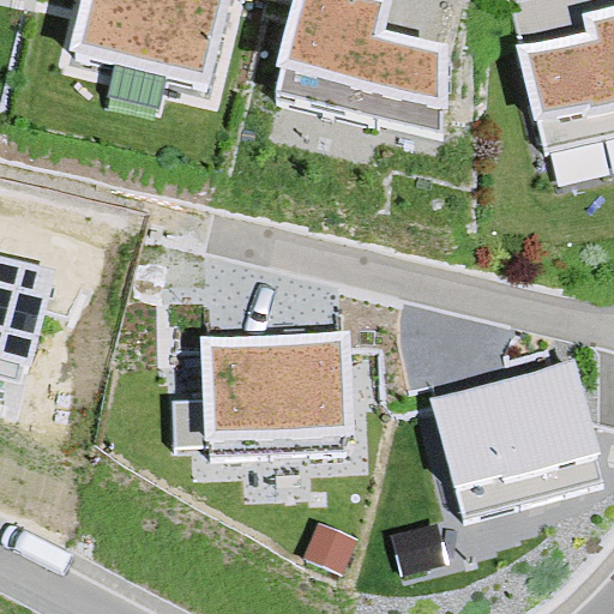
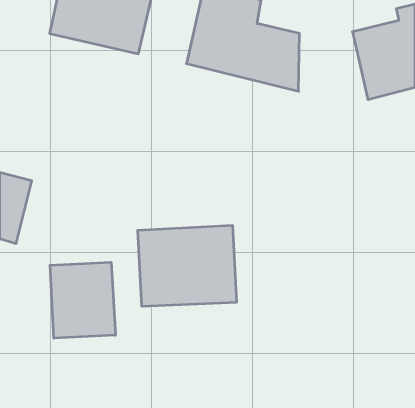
building: [431,361,601,512] -> none
building: none -> [50,262,115,338]

